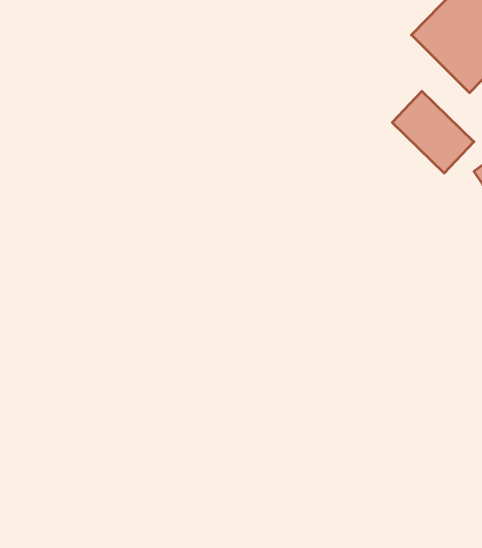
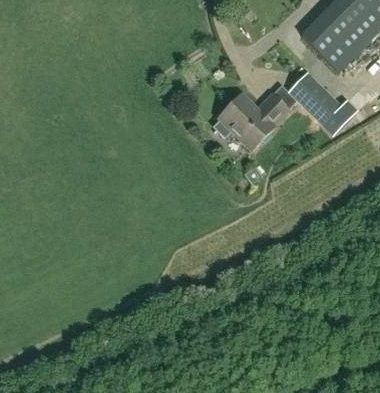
building: none -> [219,94,288,150]

